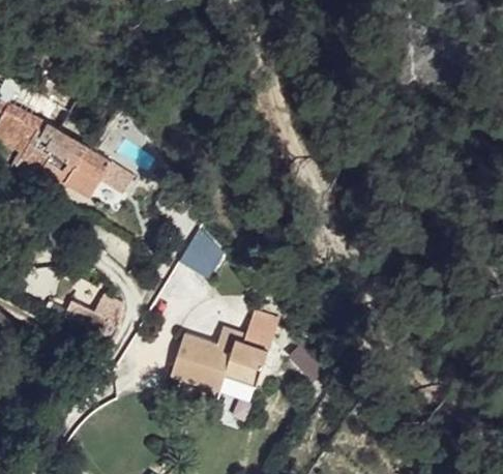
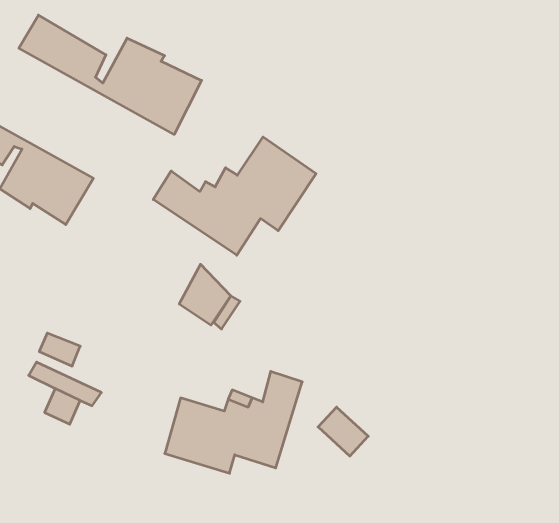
building: none -> [19,15,202,134]
building: none -> [153,137,316,255]

